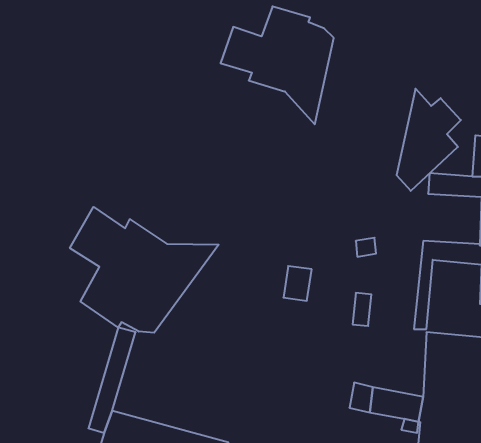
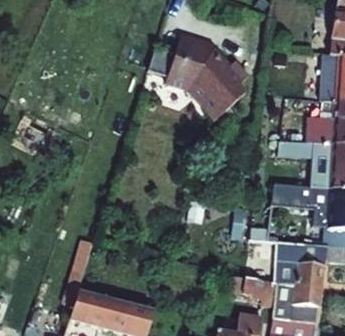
building: [397,89,461,191] -> [207,55,248,120]
building: [70,207,219,333] -> none

